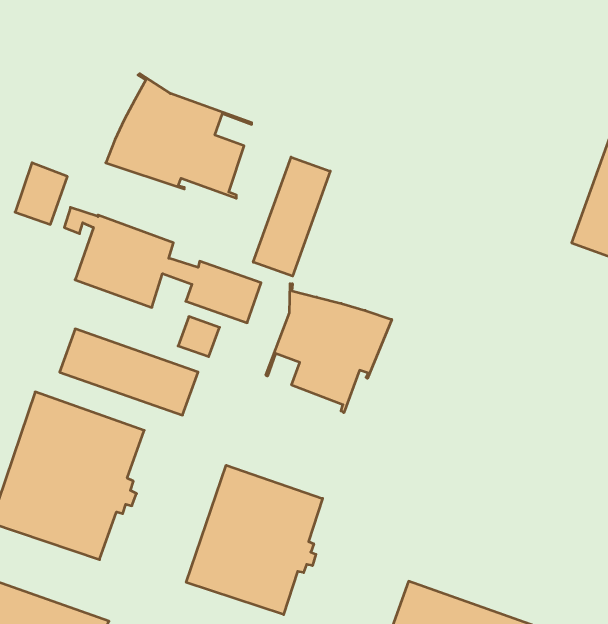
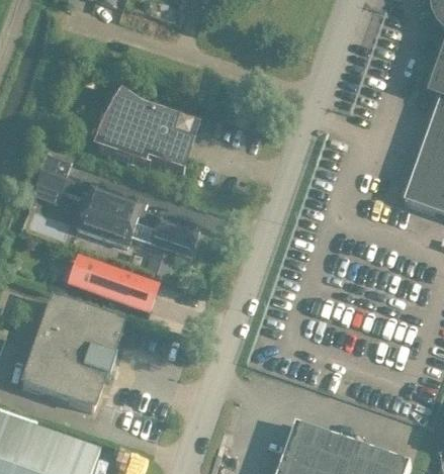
building: [253,157,330,276] -> none
building: [266,284,392,413] -> none
building: [186,465,323,615] -> none

